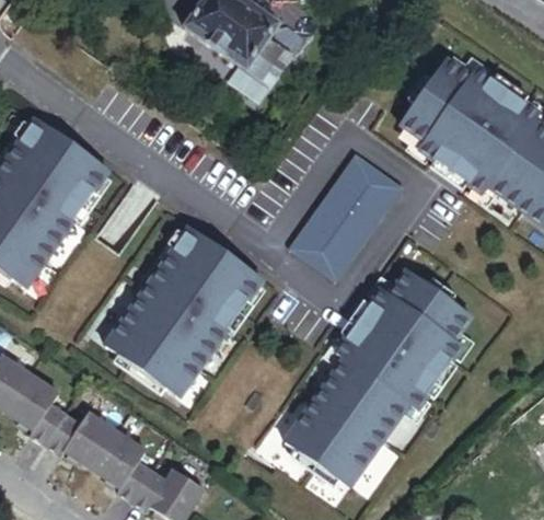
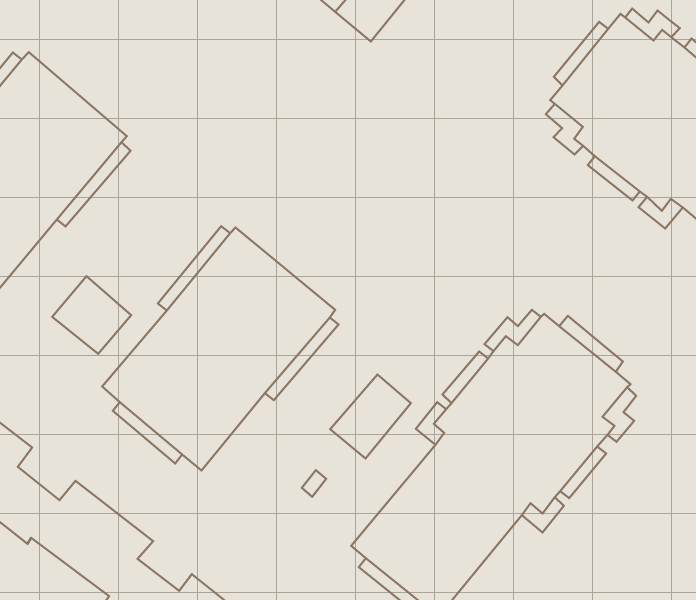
building: [289,154,402,281] -> none
building: none -> [52,276,131,354]
building: none -> [330,375,411,459]

